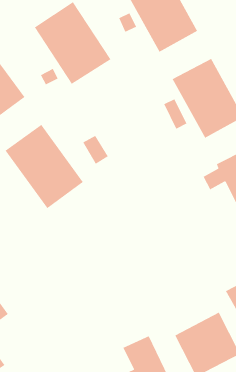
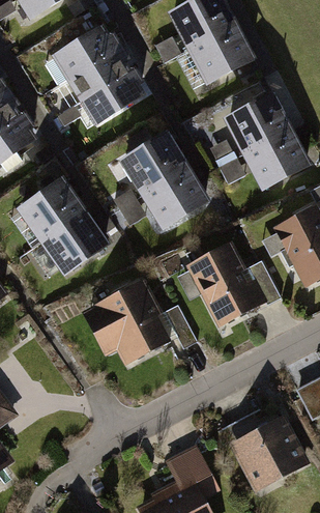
building: none -> [120,133,212,233]
building: none -> [163,239,282,330]
building: none -> [76,277,195,373]

